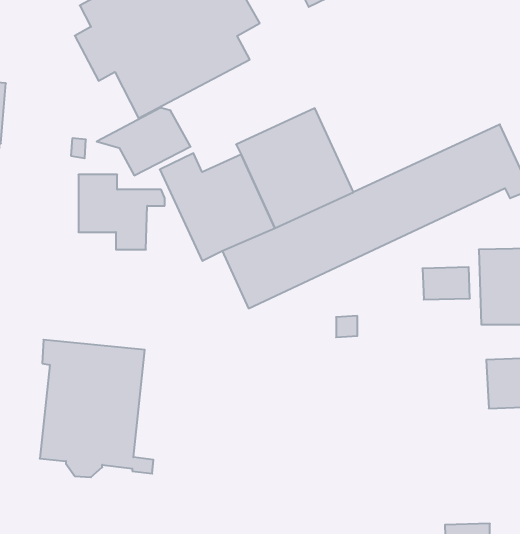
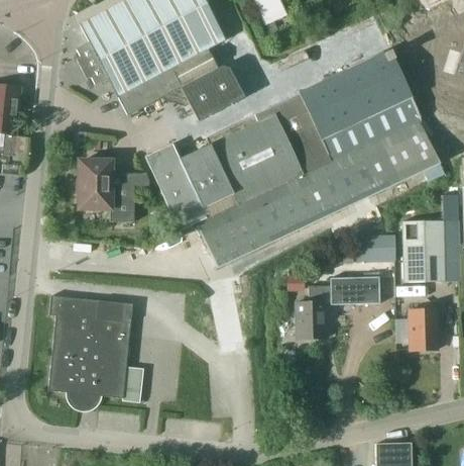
building: none -> [270,50,422,174]
building: [97,108,191,175] -> [166,67,242,121]
building: none -> [296,276,380,338]

